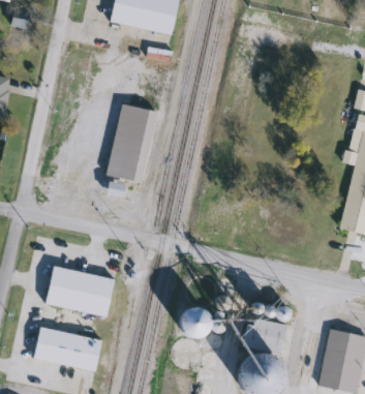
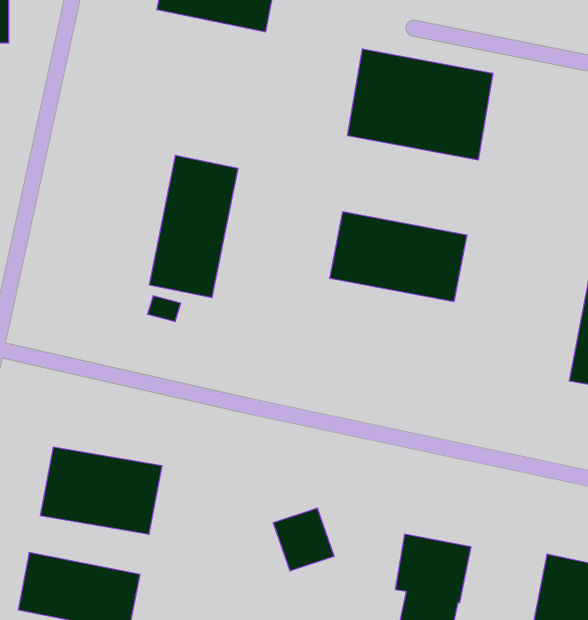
building: none -> [348,49,493,160]
building: none -> [330,212,467,302]

